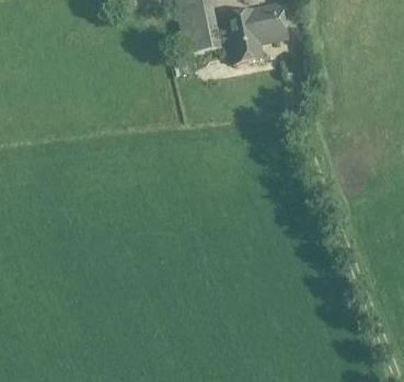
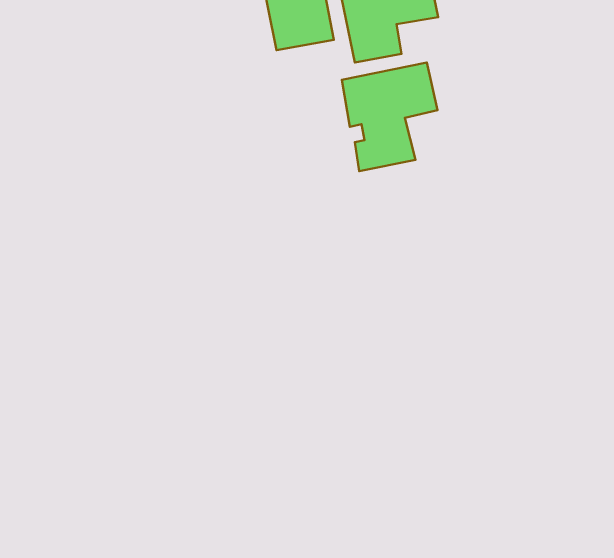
building: none -> [342,63,437,171]

